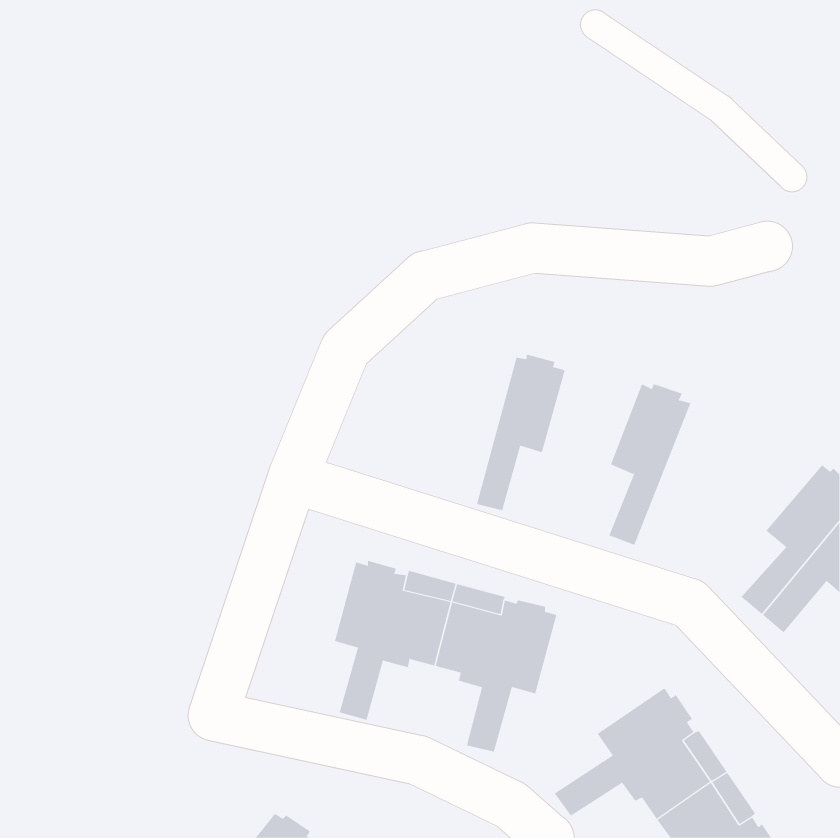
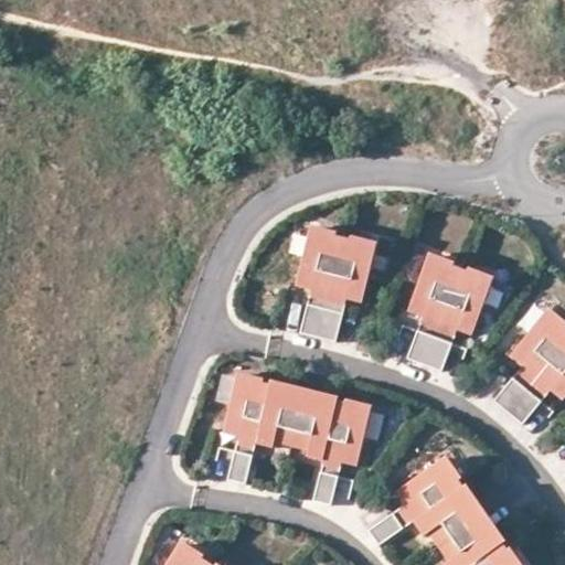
building: none -> [295,227,344,337]
building: none -> [424,269,493,372]

